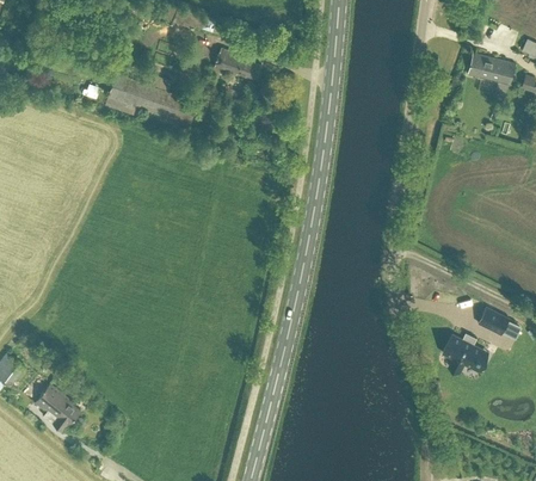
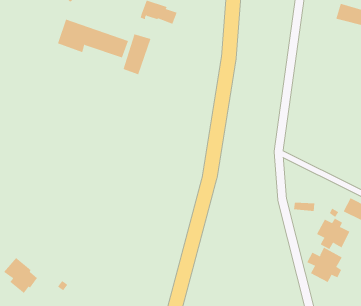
building: none -> [123,34,151,75]
building: none -> [307,247,342,283]

